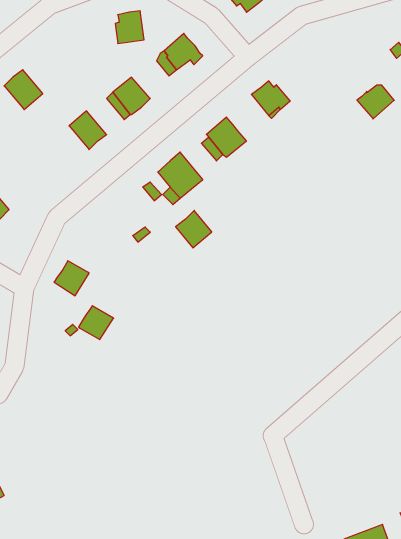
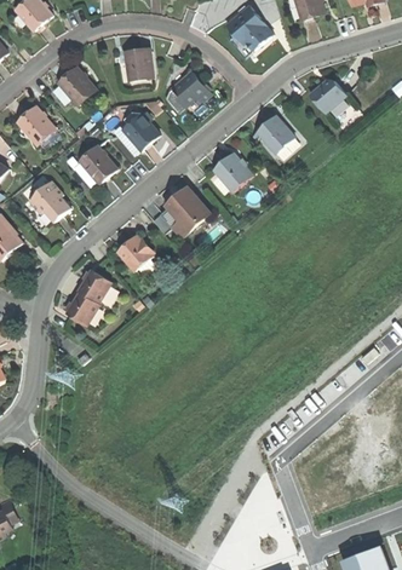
building: none -> [56,67,94,105]
building: [357,85,394,119] -> [308,80,344,113]
building: none -> [27,180,69,221]
building: [176,210,212,248] -> [116,235,151,271]
building: [79,306,114,340] -> [76,270,110,303]

